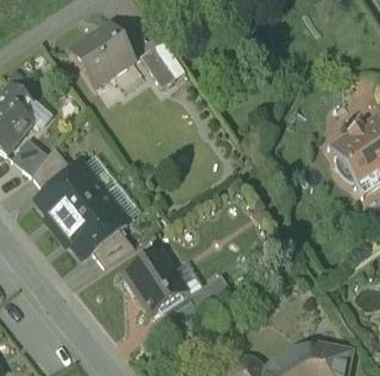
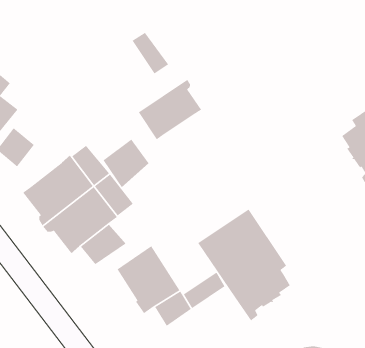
building: [69,23,133,87] -> none
building: none -> [138,79,202,141]
building: [31,146,72,192] -> none
building: none -> [102,138,150,188]
building: none -> [197,209,291,322]

